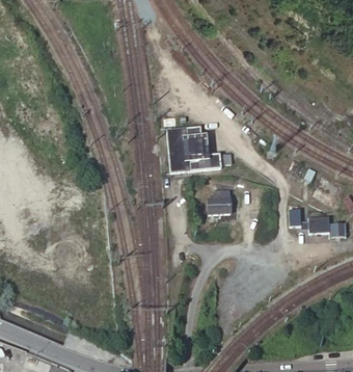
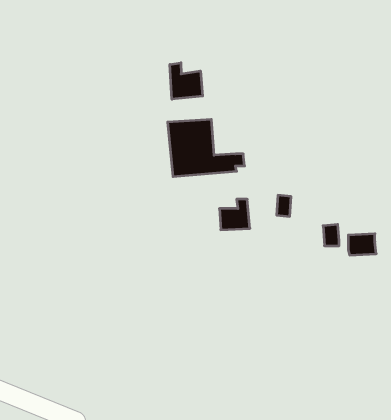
building: none -> [170,63,203,99]

